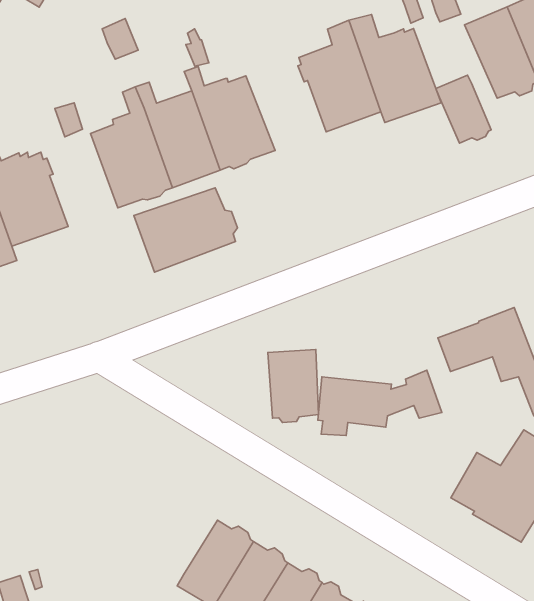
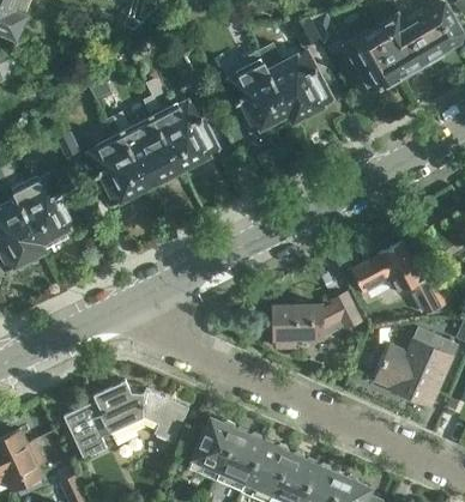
building: [436,75,491,143] -> none
building: [134,188,237,272] -> none
building: [268,350,318,422] -> none
building: none -> [64,380,189,459]

